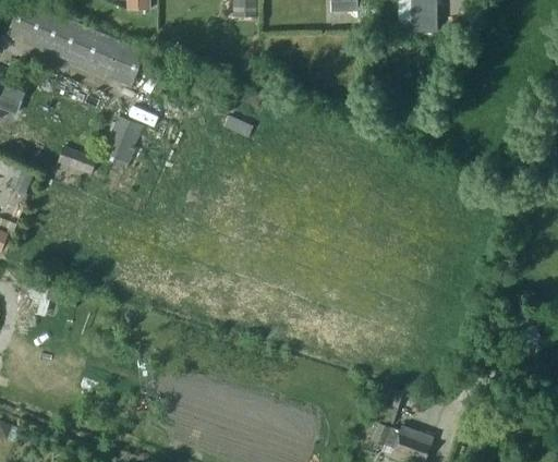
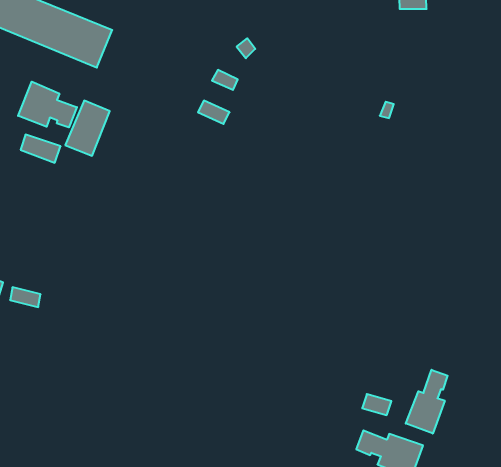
building: none -> [18,82,77,127]
building: none -> [406,370,448,434]

